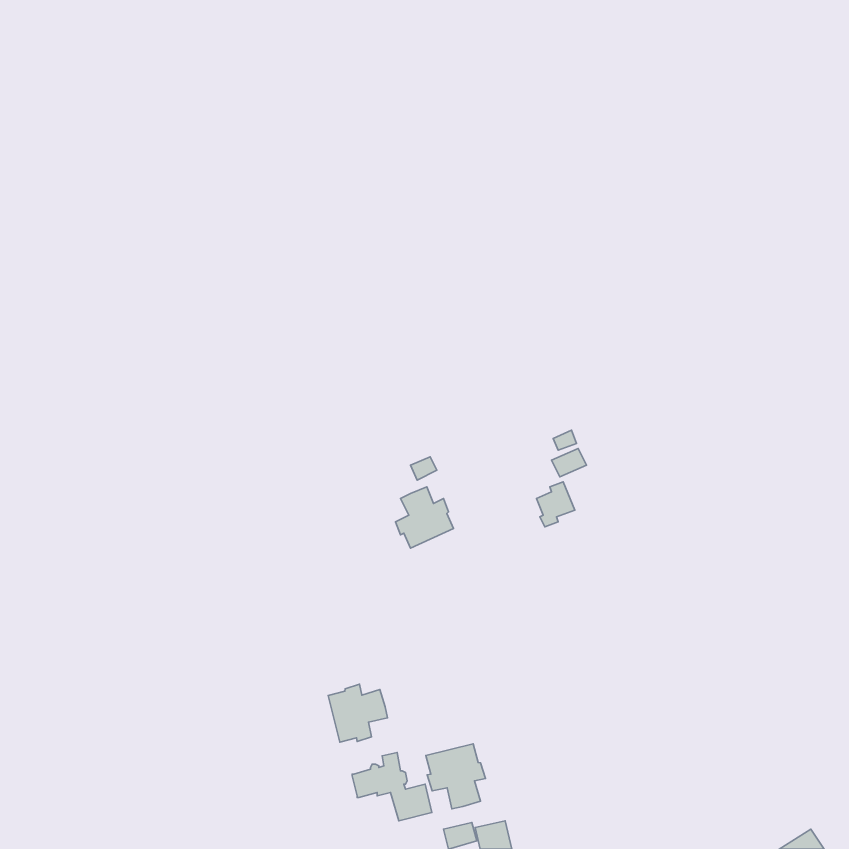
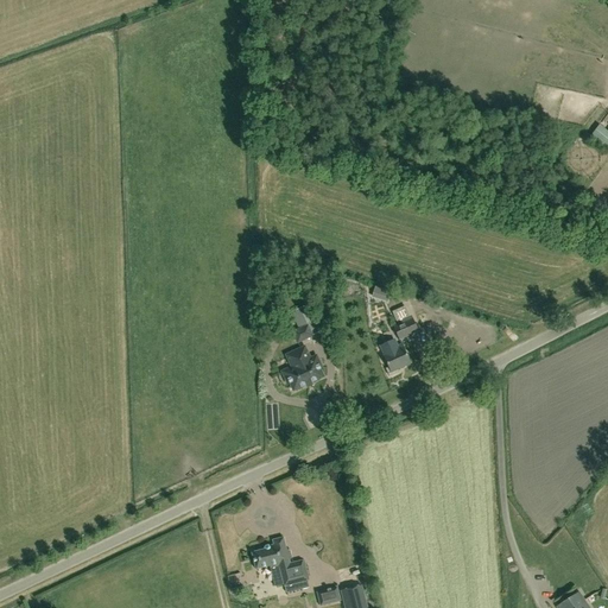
building: [328,684,388,742] -> none
building: [426,744,486,809] -> none

